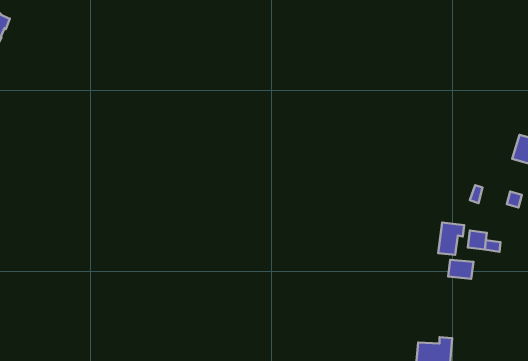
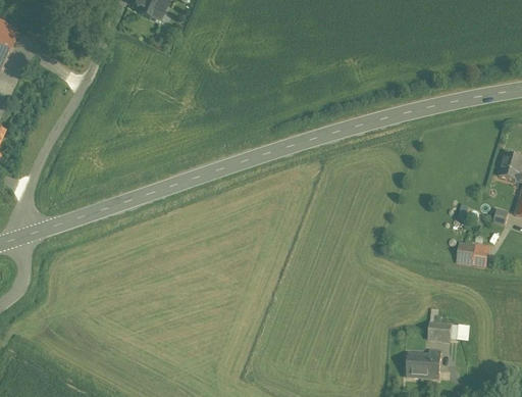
building: [438,222,464,255] -> none
building: [448,260,473,279] -> [427,320,452,339]

